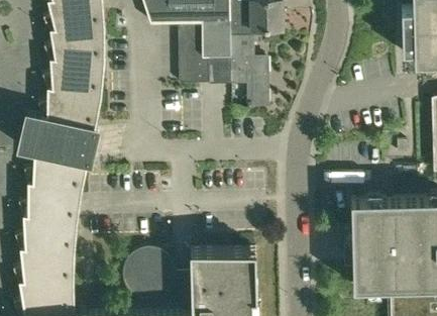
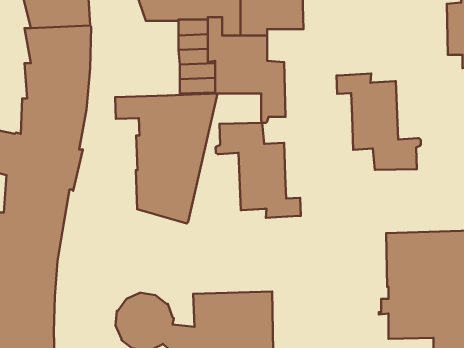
building: none -> [337,73,421,170]
building: none -> [115,94,217,223]
building: none -> [216,123,301,218]

